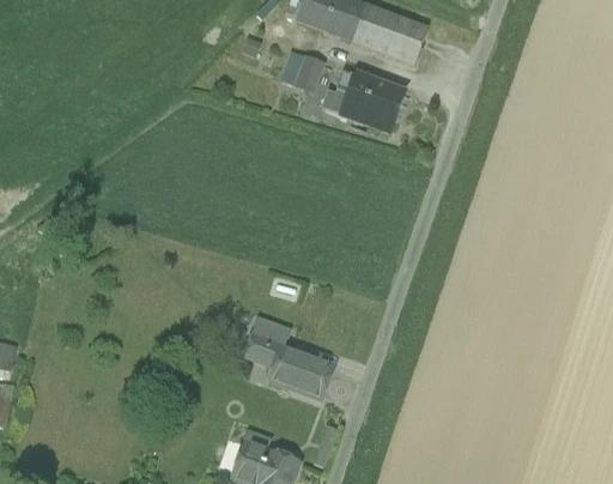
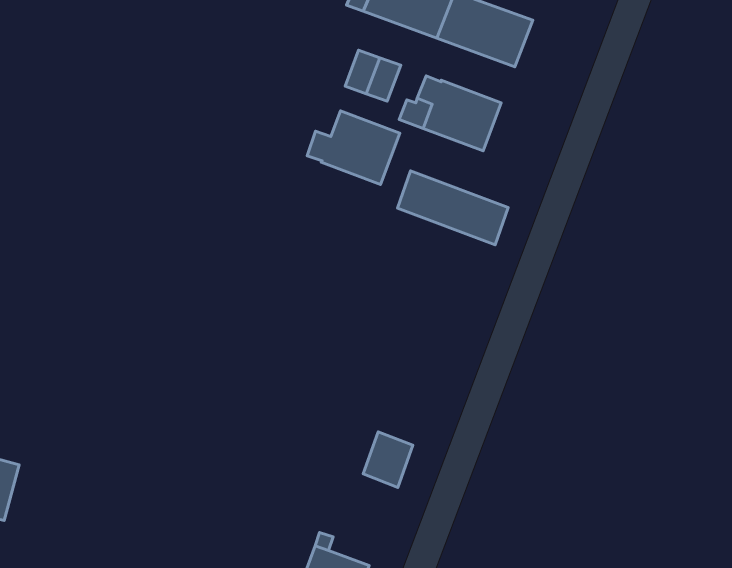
building: none -> [307,111,400,184]
building: none -> [398,171,508,245]
building: [244,316,304,387] -> none

